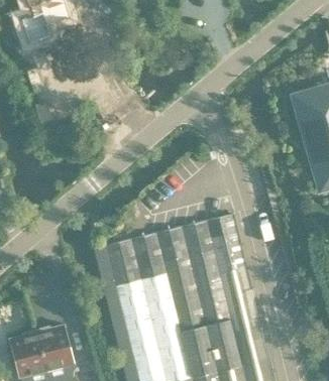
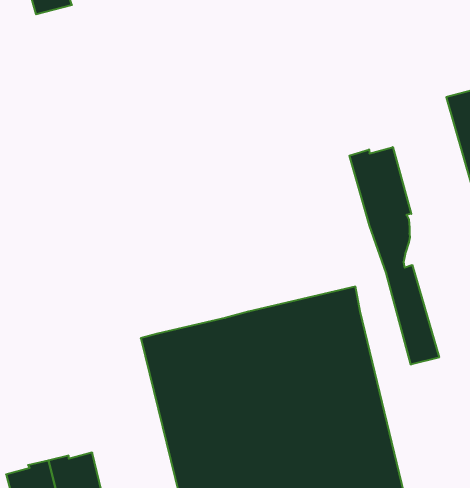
building: none -> [349,147,439,365]

